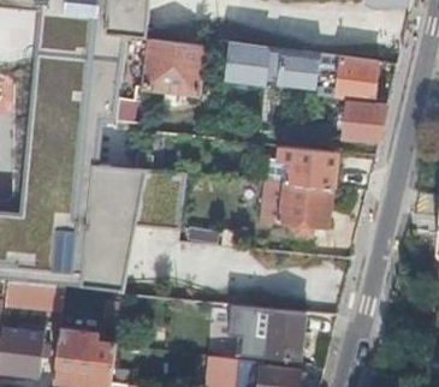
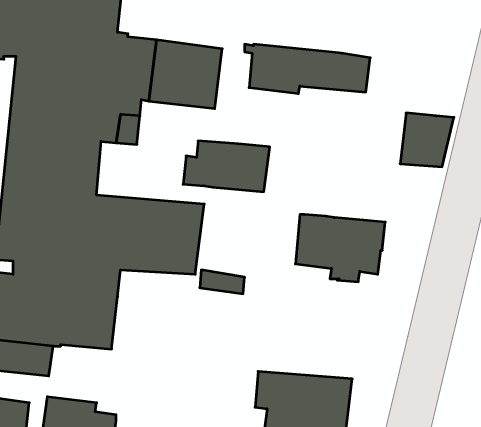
building: [316,54,379,101] -> none
building: [267,145,337,186] -> [183,141,270,192]

